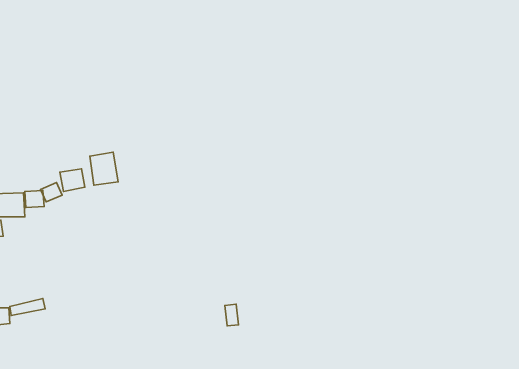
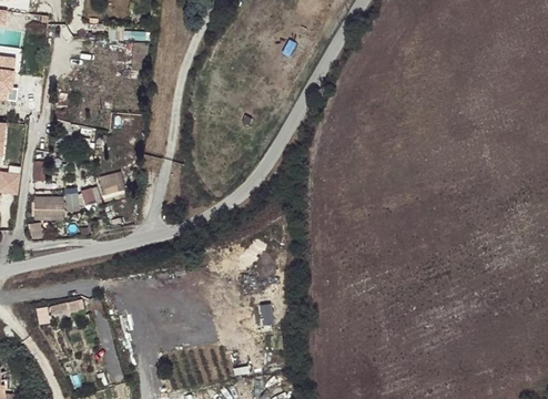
building: [90,152,118,185] -> none

